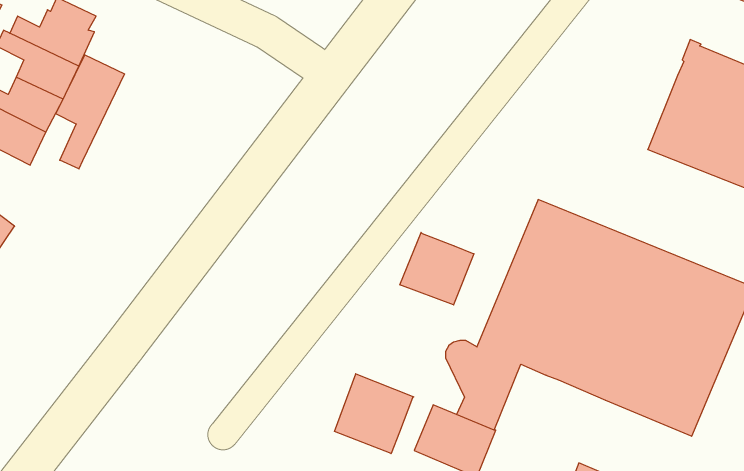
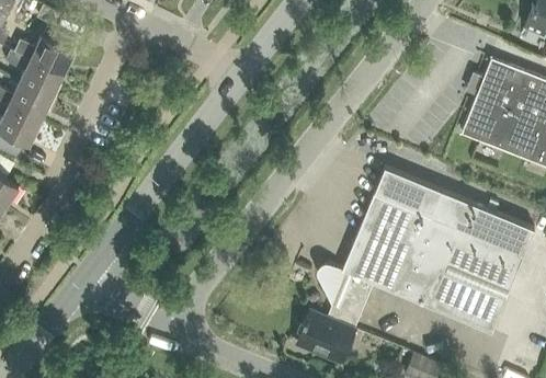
building: [56,55,124,169] -> none
building: [400,232,474,305] -> none
building: [335,374,414,454] -> none

